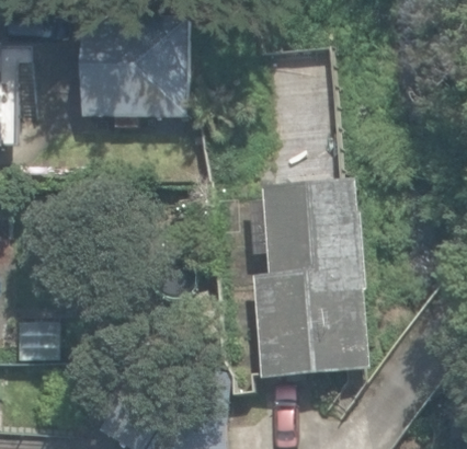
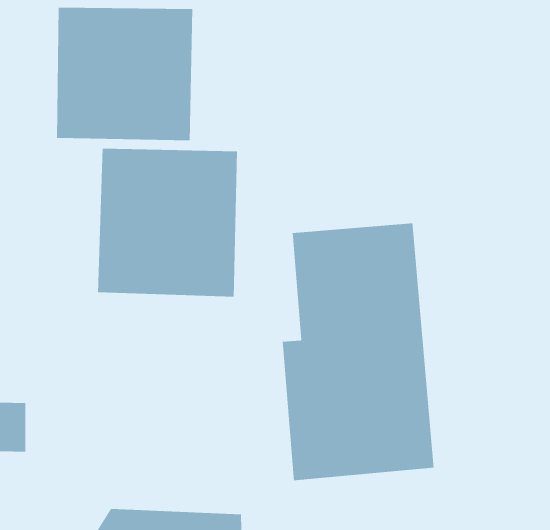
building: none -> [97,148,238,298]

